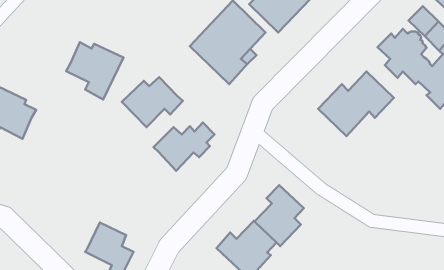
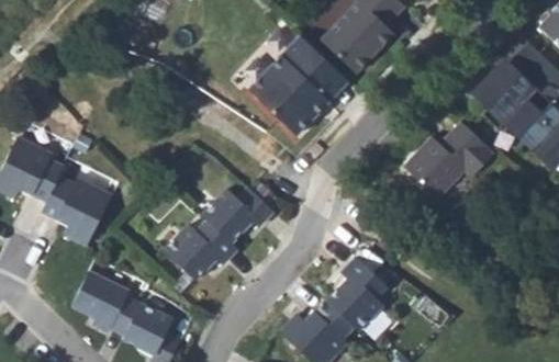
building: [66,42,123,99] -> [42,177,111,246]
building: [122,77,183,127] -> [166,217,239,278]
building: none -> [71,272,141,335]

